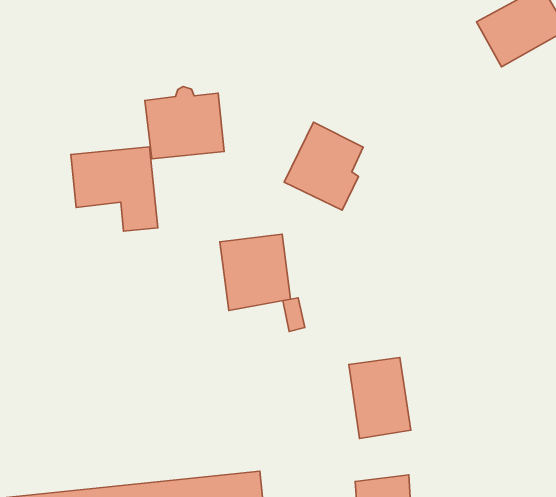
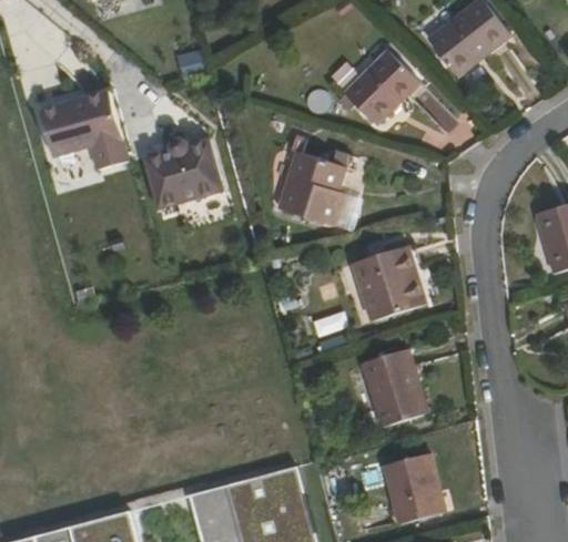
building: none -> [338,50,418,125]
building: [71,147,158,231] -> [40,90,128,168]
building: [220,234,291,310] -> [353,247,424,323]

